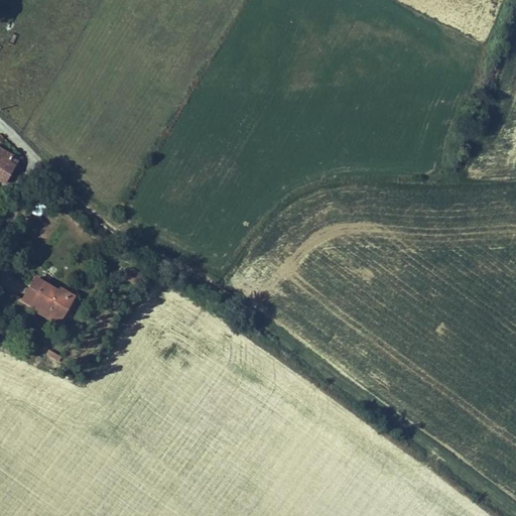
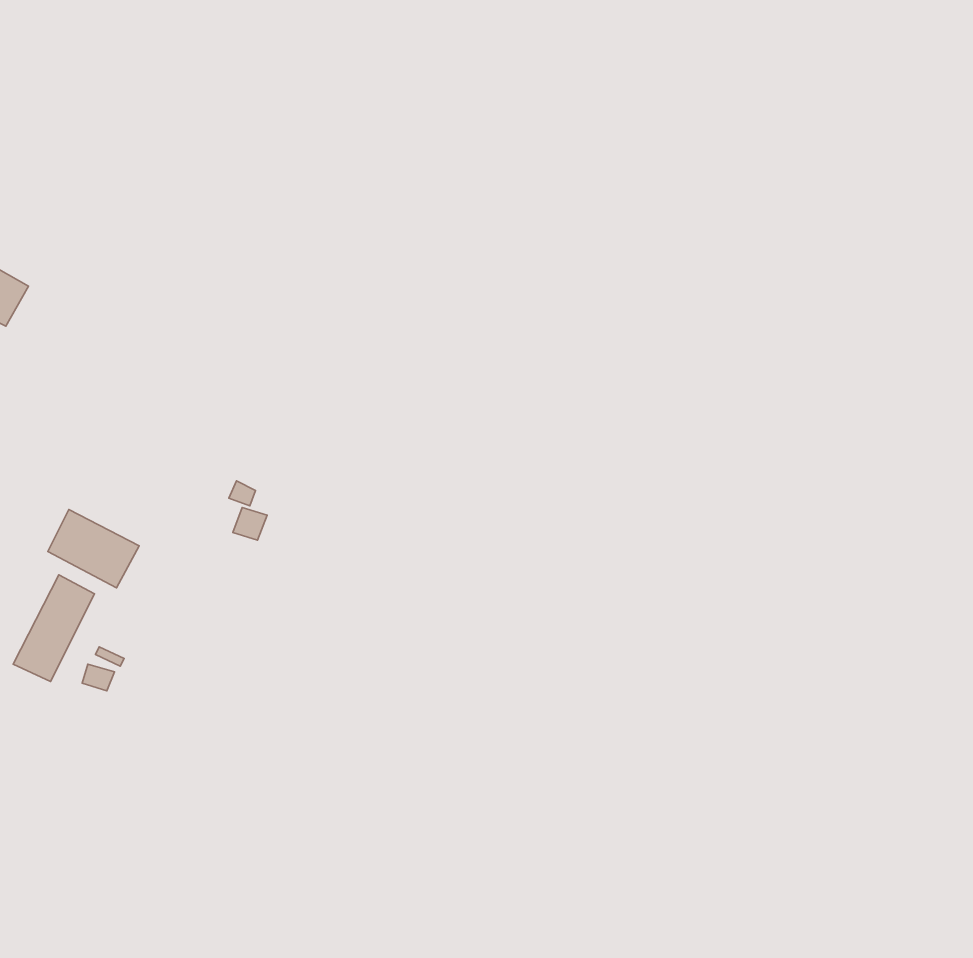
building: none -> [13,575,95,682]

